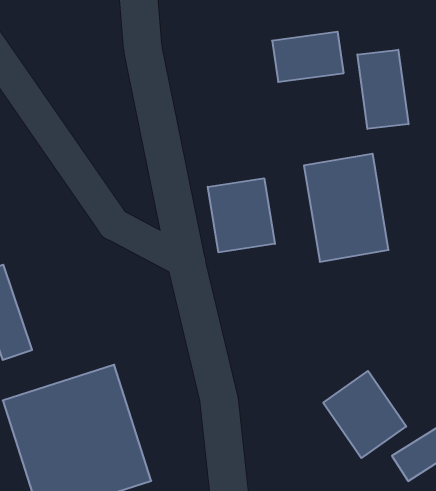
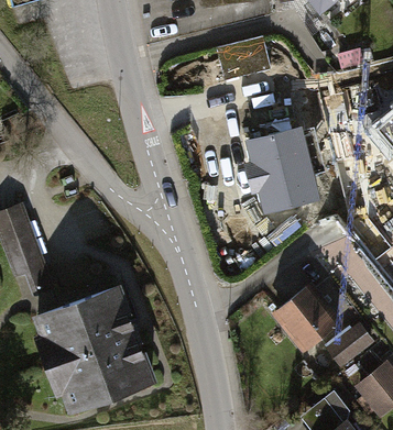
building: [357,50,408,129] -> none
building: [208,178,275,252] -> none

